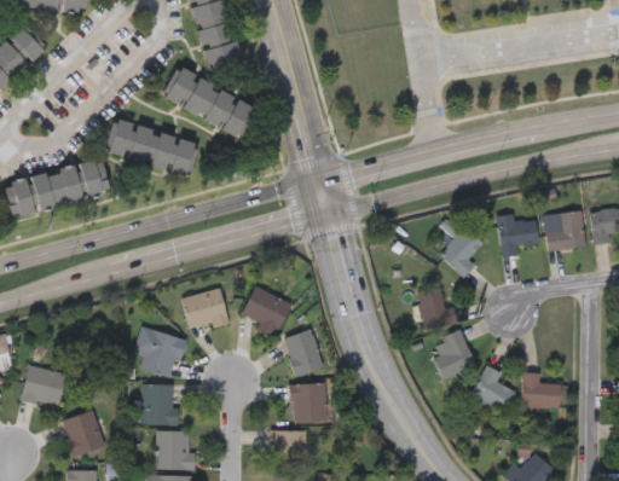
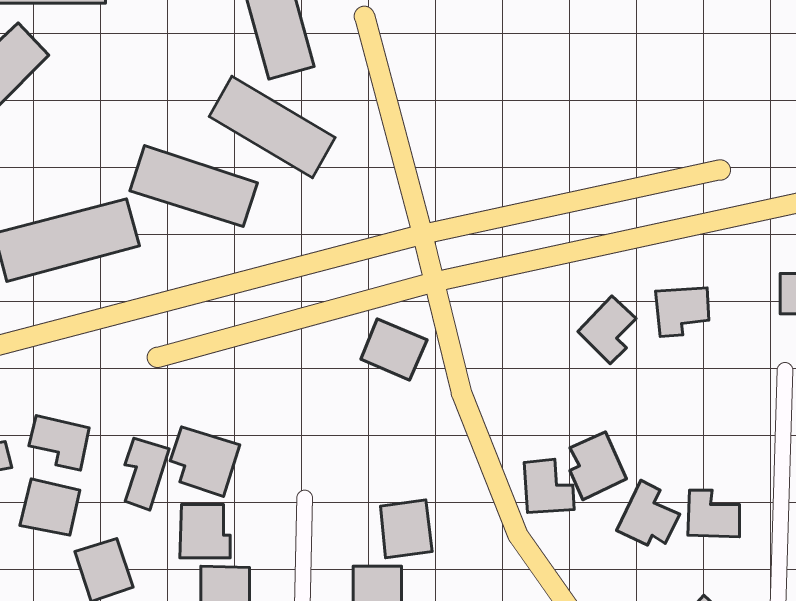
building: [540,213,583,253] -> none
building: [242,286,291,332] -> [361,319,427,380]
building: [183,289,227,329] -> none
building: [417,289,455,329] -> [524,459,574,513]
building: none -> [29,415,89,470]
building: [283,329,324,376] -> none
building: none -> [125,438,169,510]

